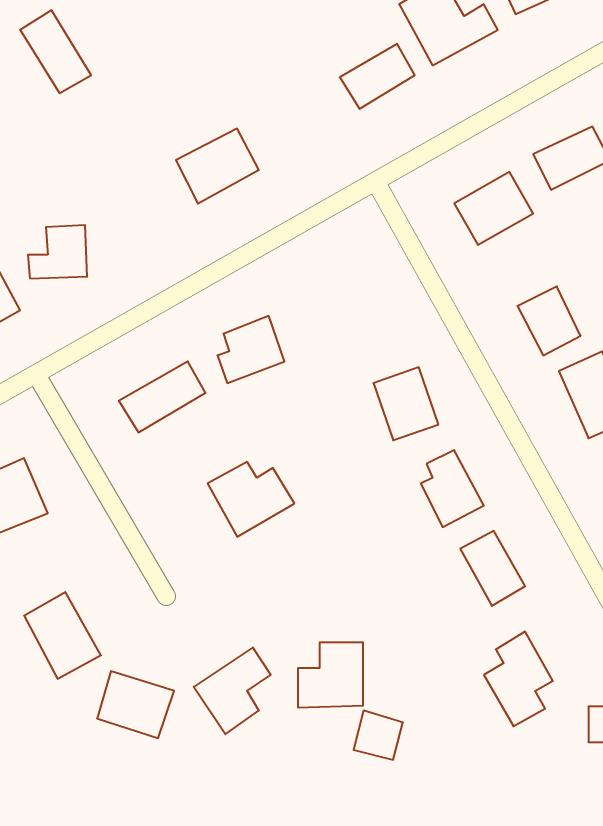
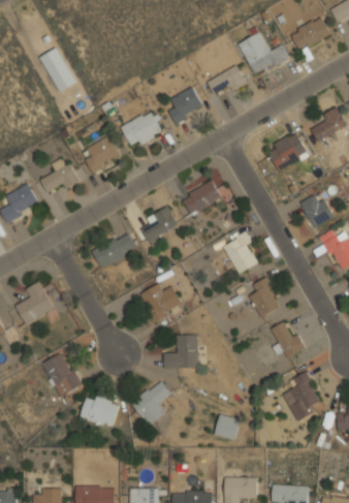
building: none -> [168,87,204,123]
building: none -> [82,136,121,172]
building: none -> [181,181,221,216]
building: [298,642,363,708] -> [163,335,197,369]

